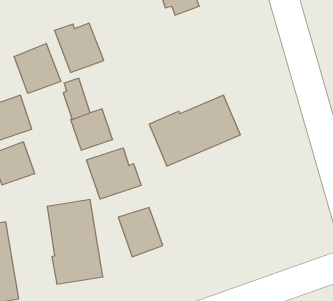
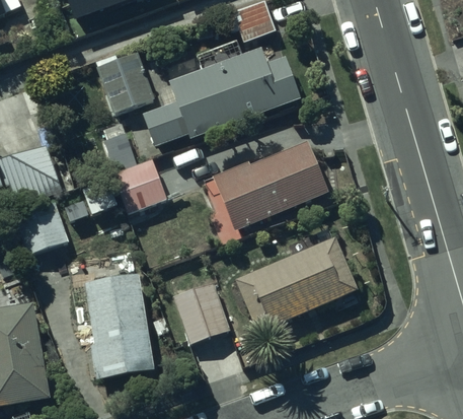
building: none -> [141,41,300,146]
building: [14,43,61,93] -> none
building: [86,148,141,199] -> none
building: none -> [233,237,356,334]

